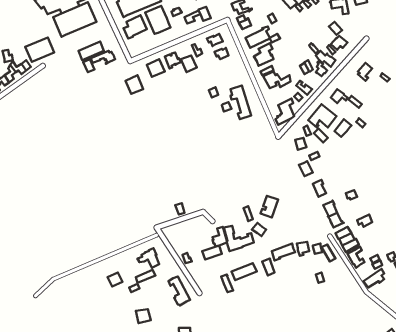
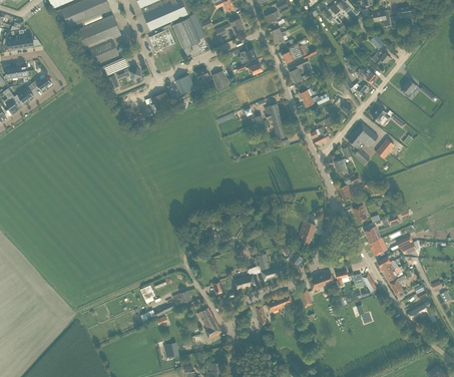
building: [25,38,54,62] -> [88,39,119,65]

